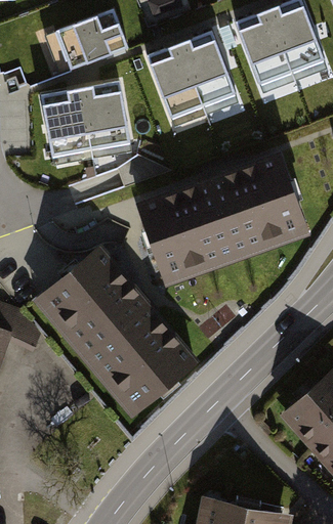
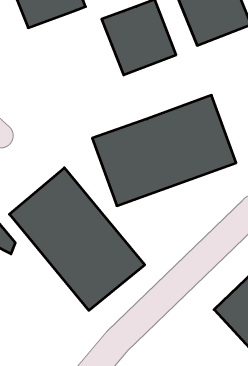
building: [41,82,131,166] -> none

